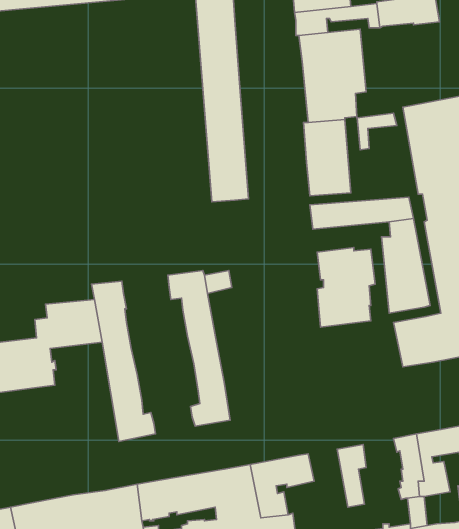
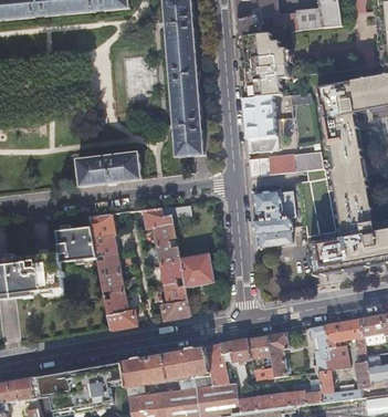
building: none -> [76,152,140,186]
building: none -> [179,252,214,286]
building: none -> [245,335,274,379]

